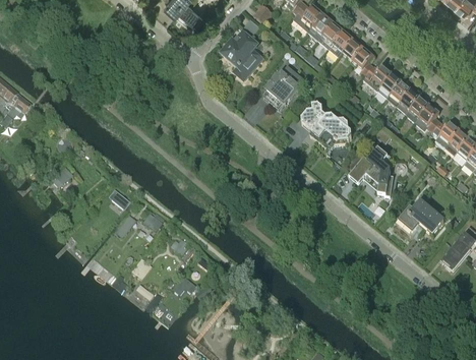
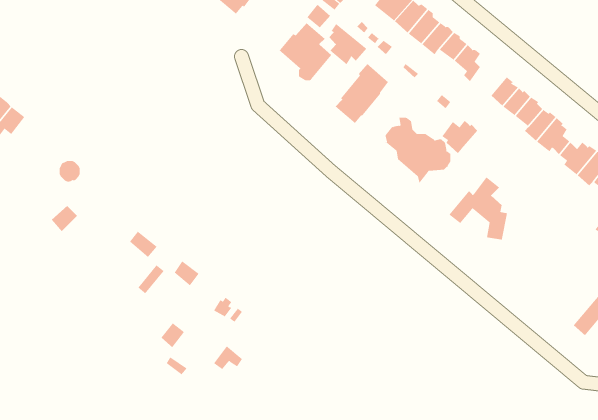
building: none -> [328,23,367,65]
building: [365,64,393,89] -> [442,120,478,154]
building: [395,201,443,237] -> none

